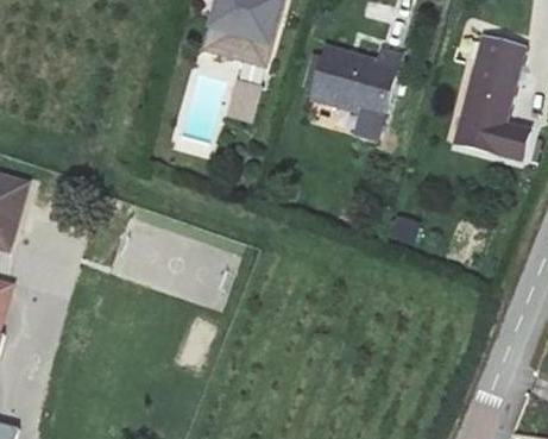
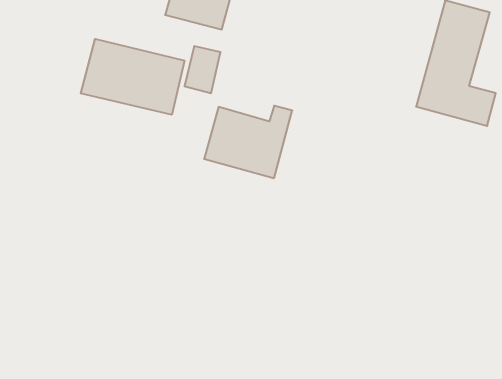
building: [313,46,399,118] -> [204,106,292,178]
building: none -> [81,39,184,115]

